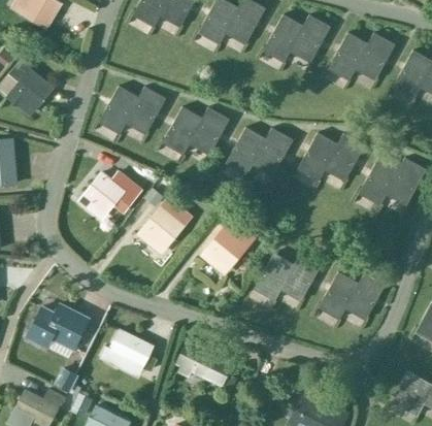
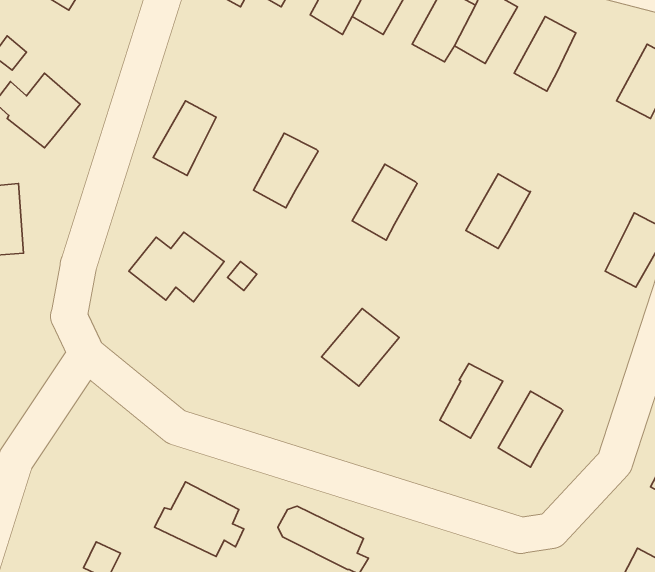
building: [355,33,395,80] -> none
building: [125,87,165,134] -> none
building: [189,107,229,155] -> none
building: [252,128,293,175] -> none
building: [324,133,364,182] -> none
building: [359,158,401,205] -> none
building: [142,197,191,248] -> none
building: [253,253,294,301] -> none
building: [344,272,385,320] -> none
building: [28,304,88,349] -> none

